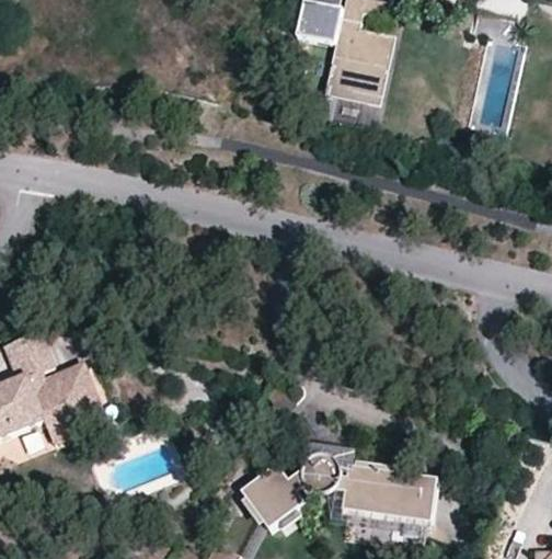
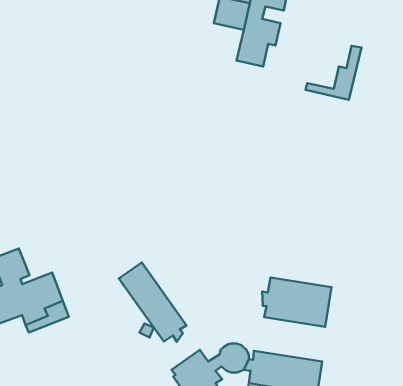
building: [322,32,395,103] -> [306,46,361,100]
building: none -> [119,262,187,342]
building: none -> [262,277,332,327]

